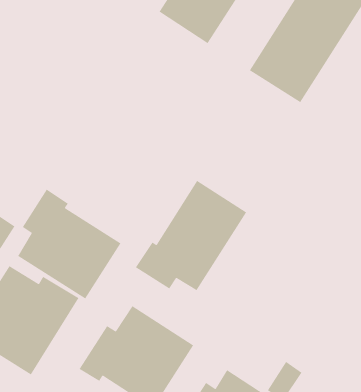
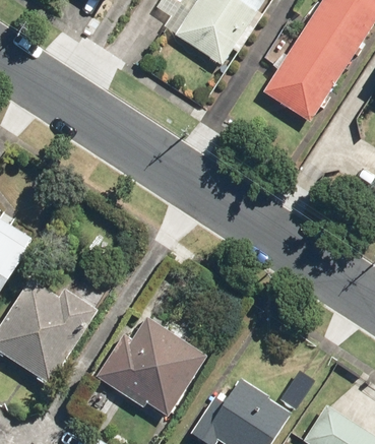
building: [135,180,247,291] -> none
building: [17,188,122,300] -> none

